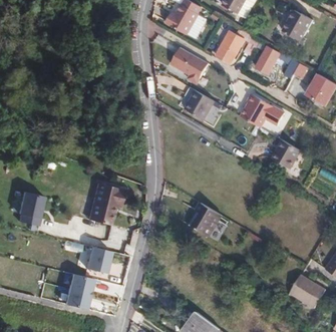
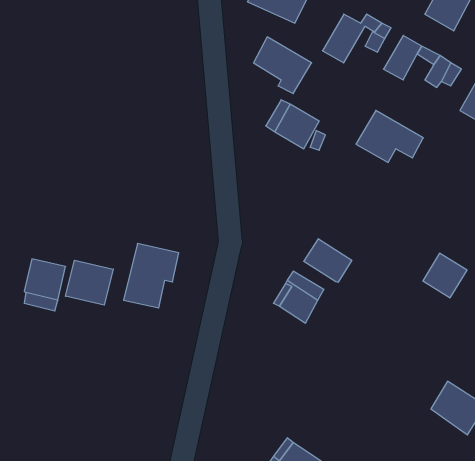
building: [269,140,298,170] -> [423,253,467,298]
building: none -> [304,239,352,282]
building: none -> [65,260,113,305]
building: [86,246,113,273] -> none
building: [66,274,95,309] -> none

